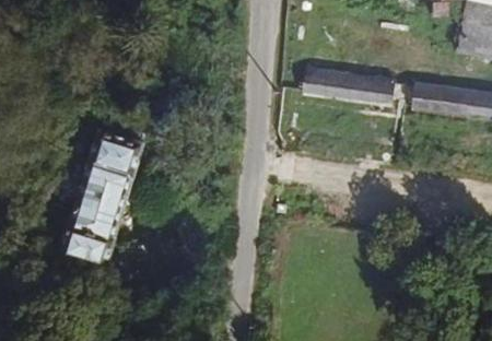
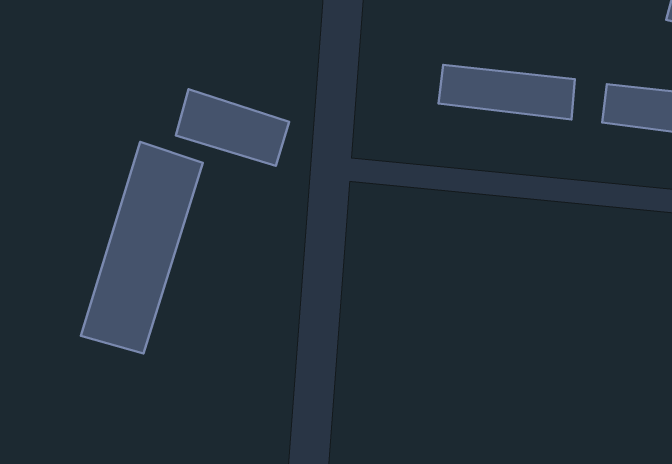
building: none -> [176,89,289,166]

